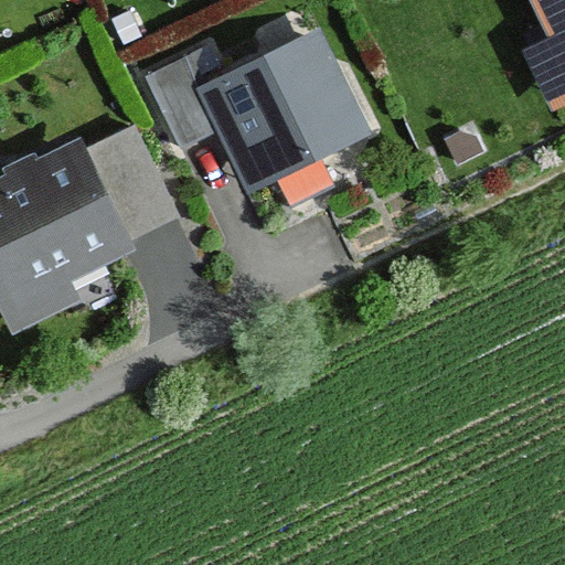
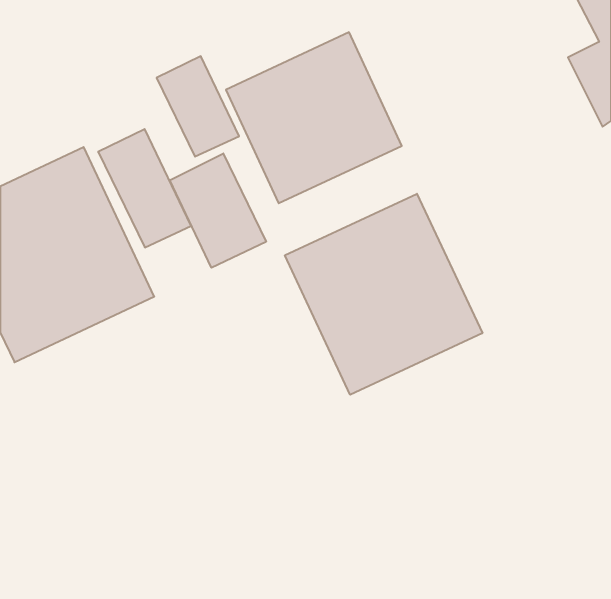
building: none -> [170,153,266,268]
building: none -> [285,194,482,395]

